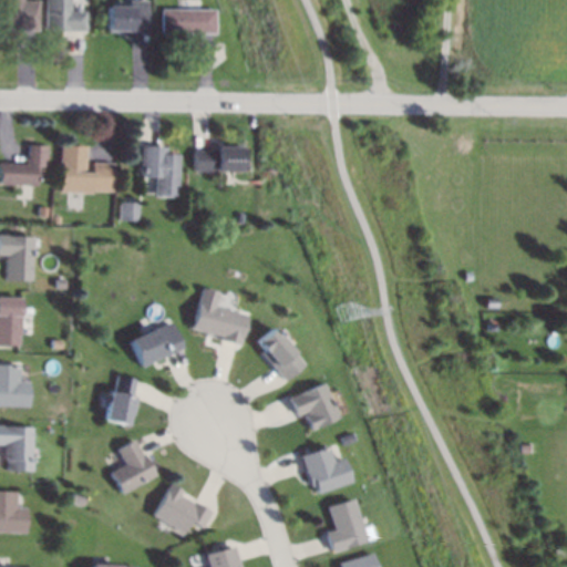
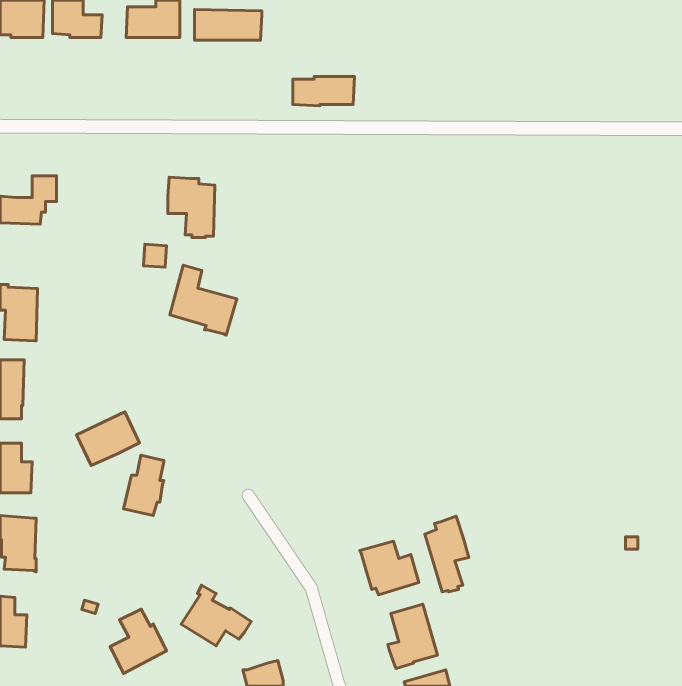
building: [62,145,114,193] -> none
building: [195,147,246,172] -> [293,76,355,106]
building: [193,287,248,344] -> [170,265,237,335]
building: [133,322,185,367] -> [76,412,140,466]
building: [256,328,302,380] -> none
building: [288,382,338,430] -> none
building: none -> [425,516,469,592]
building: [110,441,156,494] -> [110,609,167,673]

